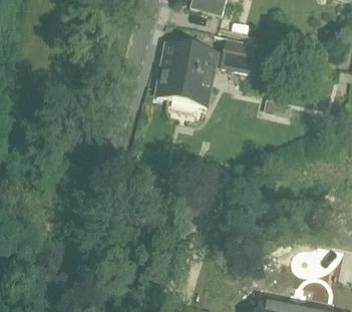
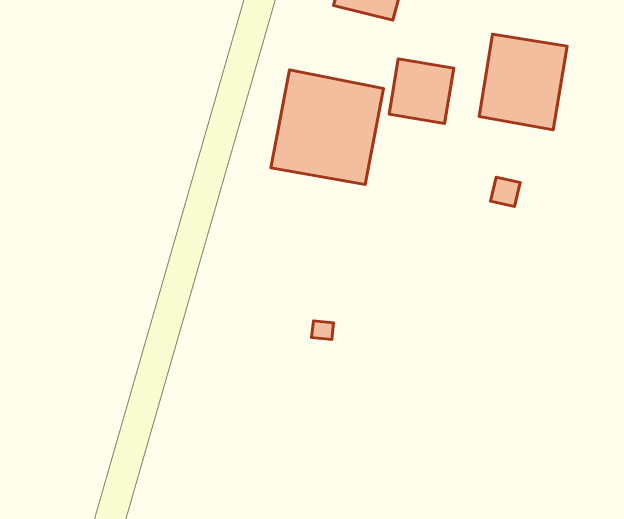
building: none -> [479,34,567,130]

